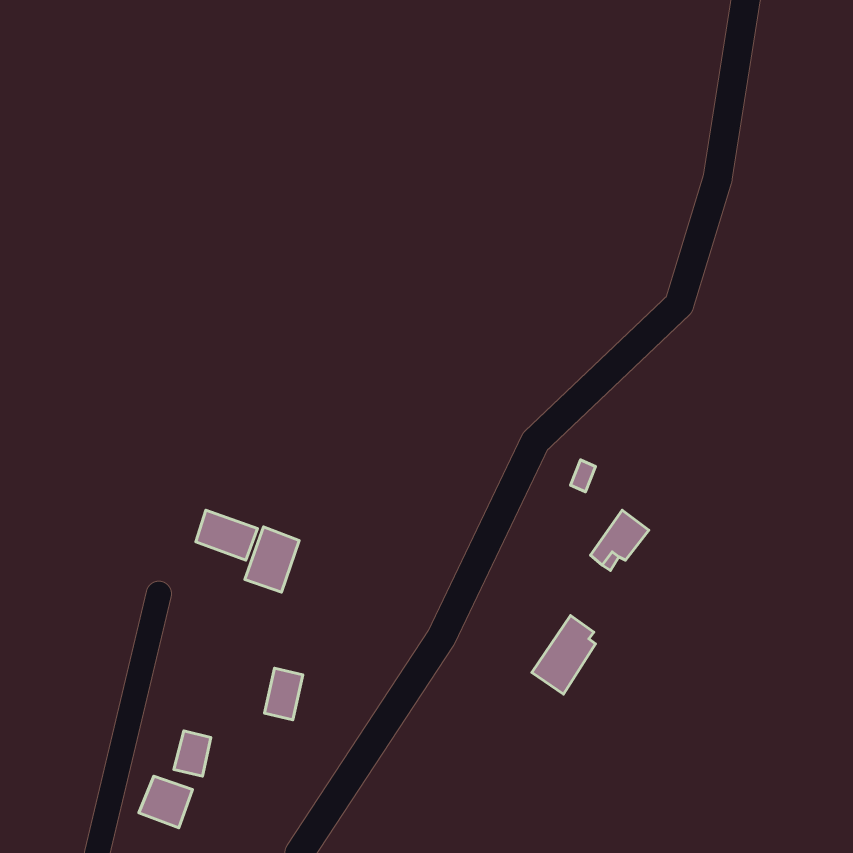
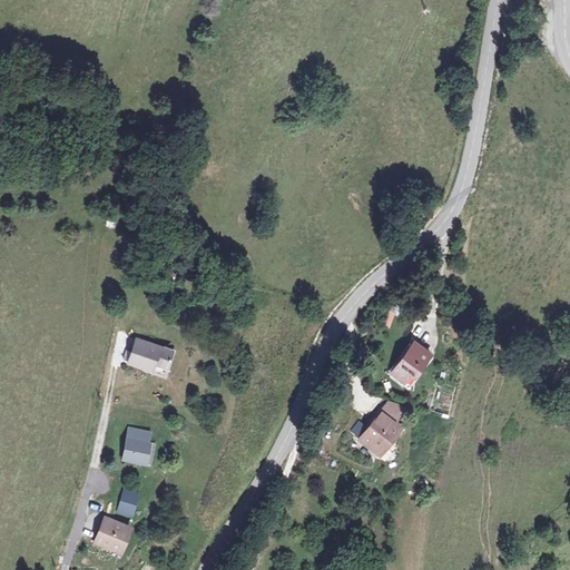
building: [245,527,299,592] -> none
building: [264,668,303,720] -> [124,428,149,462]

